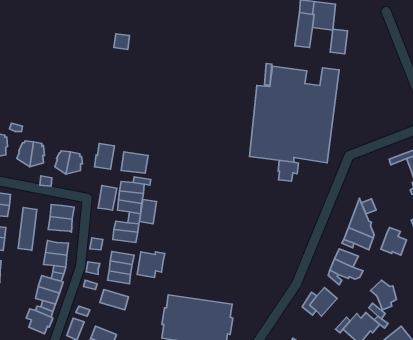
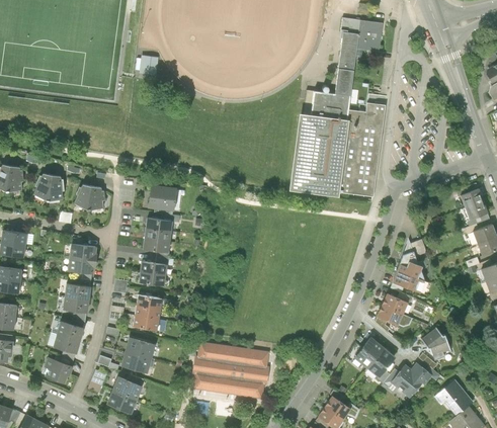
building: [330,29,348,54] -> [335,70,354,97]
building: [94,144,115,169] -> none
building: [278,161,298,181] -> none
building: [98,185,117,210] -> none
building: [139,199,157,224] -> none
building: [18,208,37,250] -> none
building: [381,227,406,255] -> none
building: [137,252,165,278] -> none
building: none -> [367,347,397,376]
building: none -> [120,351,152,373]

